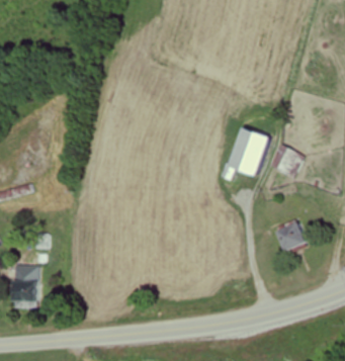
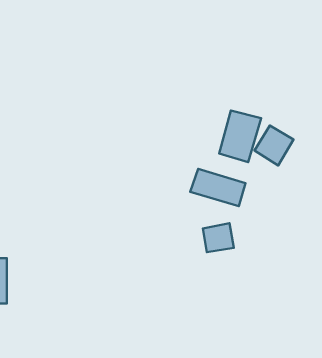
building: none -> [190,169,245,206]
building: [276,223,306,251] -> [203,223,234,252]

